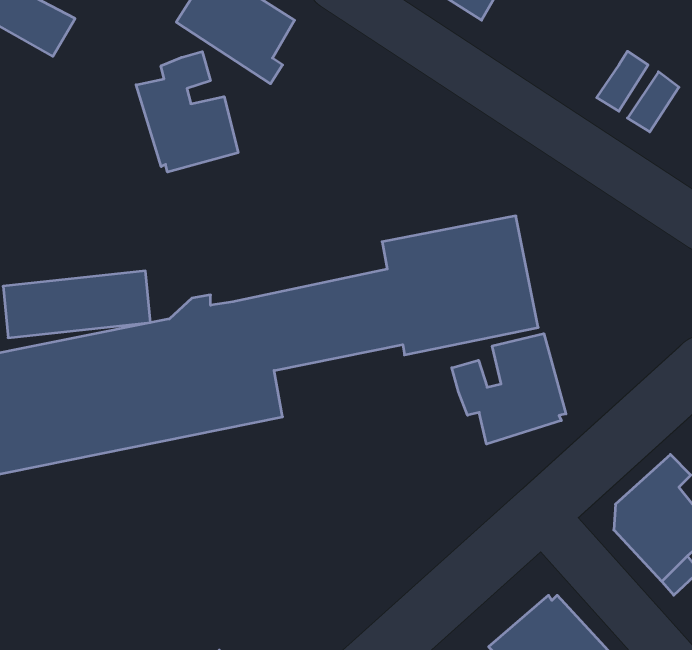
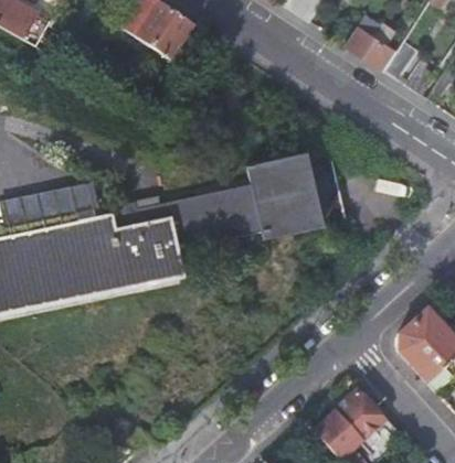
building: none -> [350,15,401,73]
building: [136,52,238,172] -> none
building: [452,334,566,444] -> none

